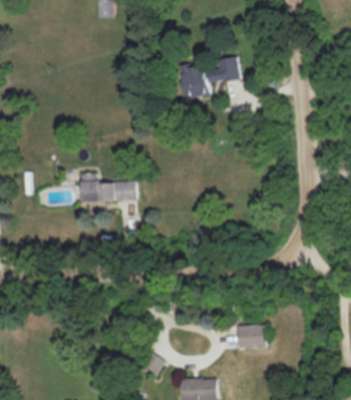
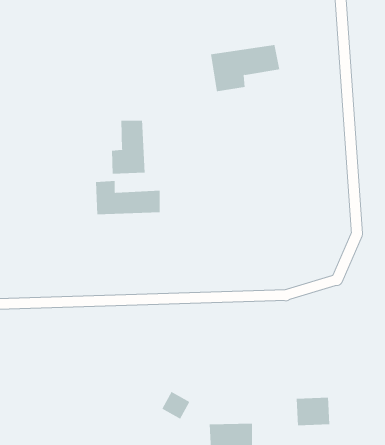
building: none -> [111,120,145,174]
building: [237,324,266,348] -> [296,397,330,426]

